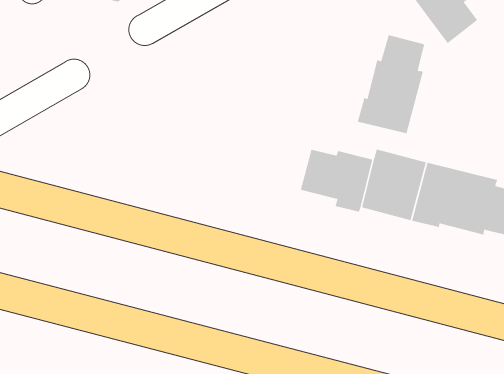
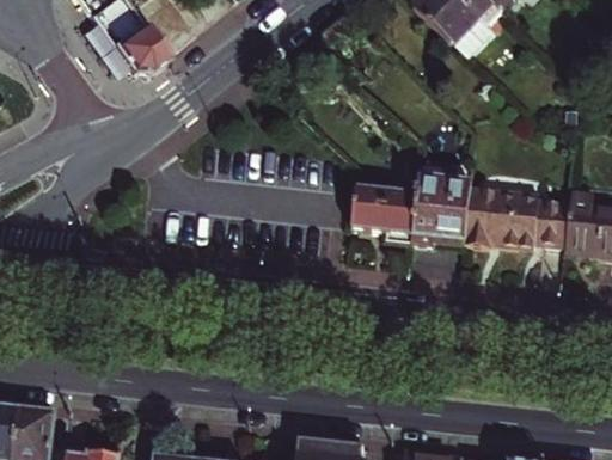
building: [357,34,425,134] -> none

